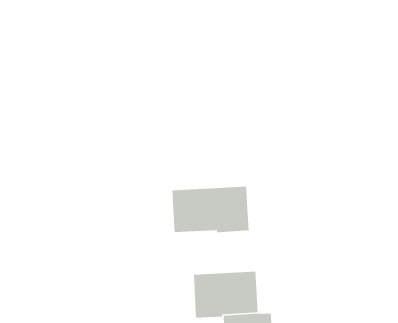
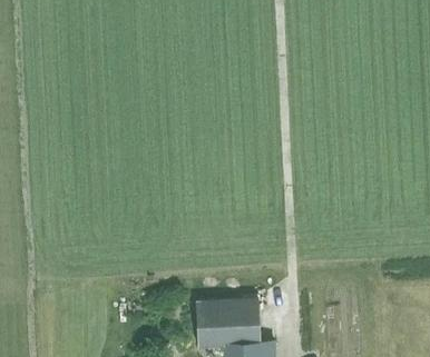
building: [171,186,249,233] -> none

